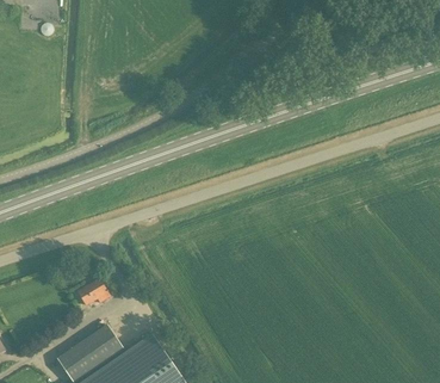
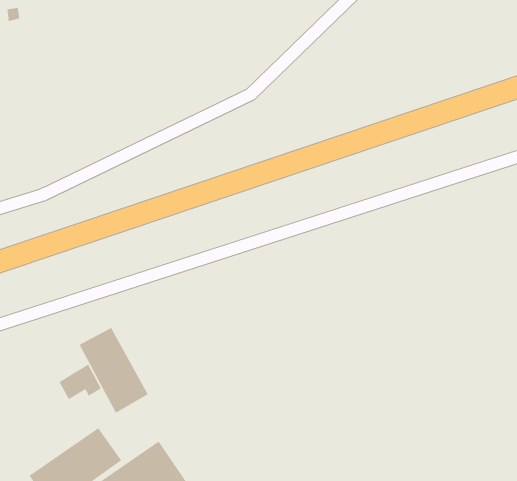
building: none -> [79,327,149,414]

